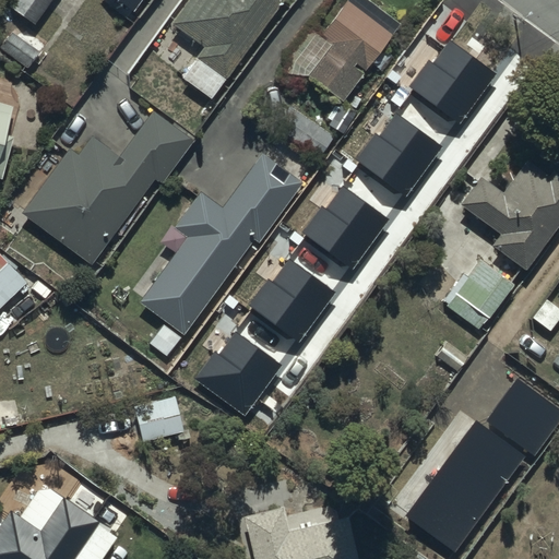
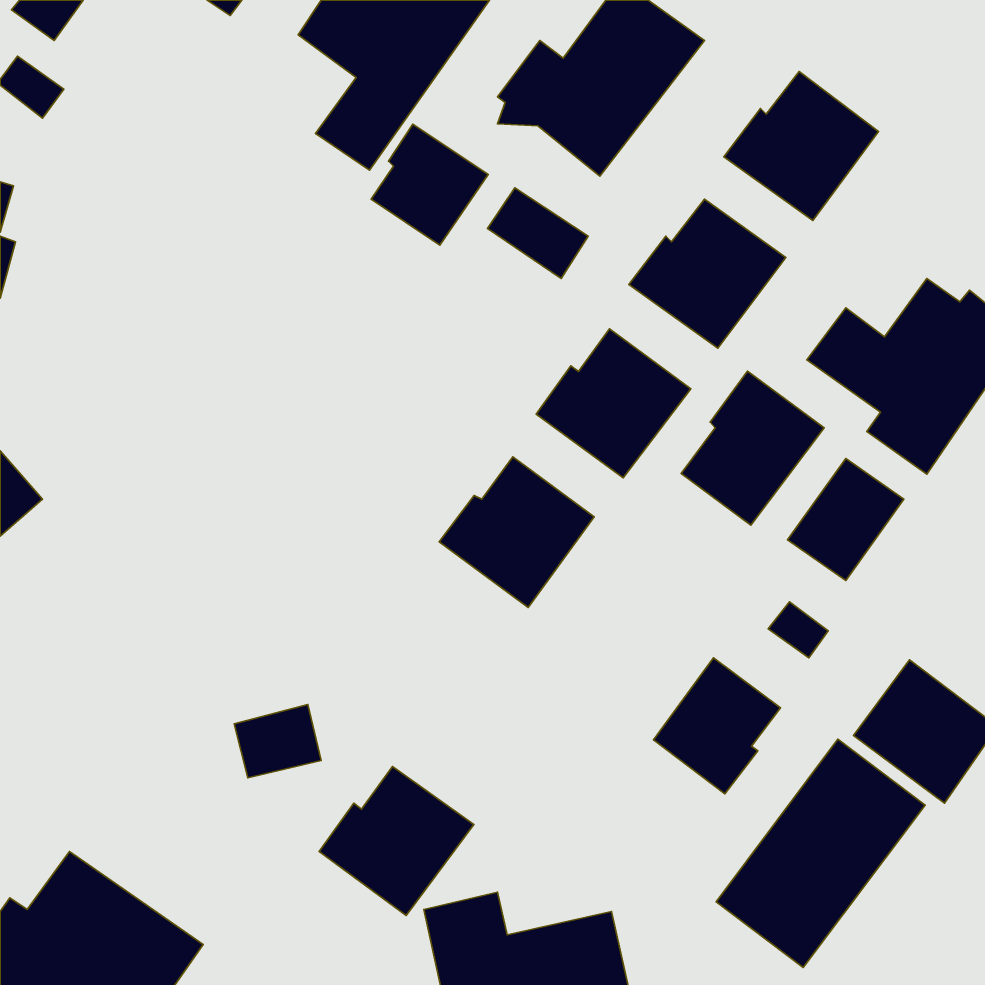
building: none -> [371,124,488,245]
building: [22,111,193,265] -> none
building: [138,154,301,335] -> none
building: none -> [681,371,824,525]
building: [198,334,285,418] -> [319,767,474,916]
building: none -> [654,658,781,794]

